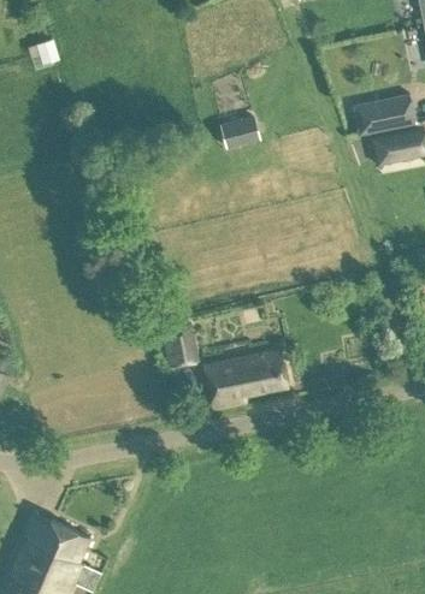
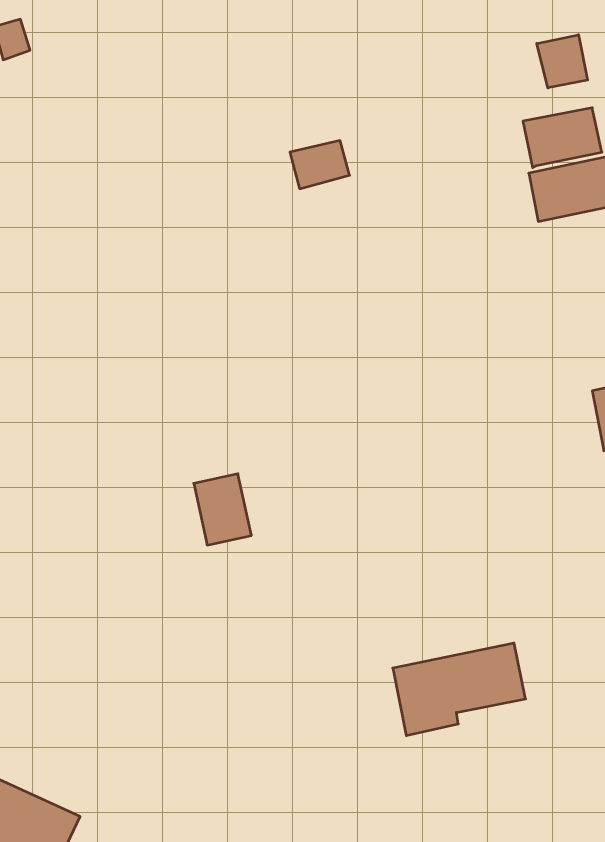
building: none -> [537,35,588,88]
building: [205,351,288,409] -> [393,643,526,736]

